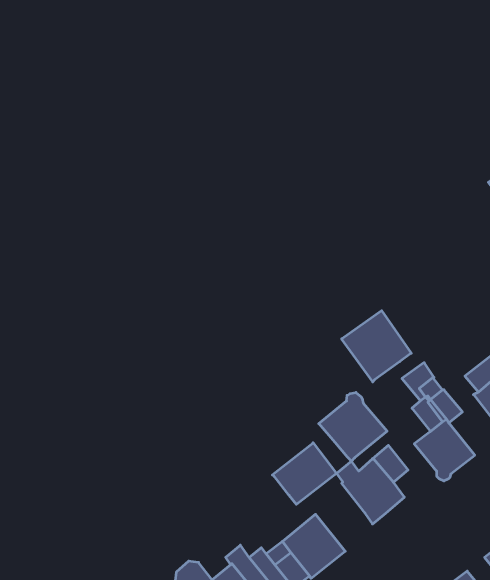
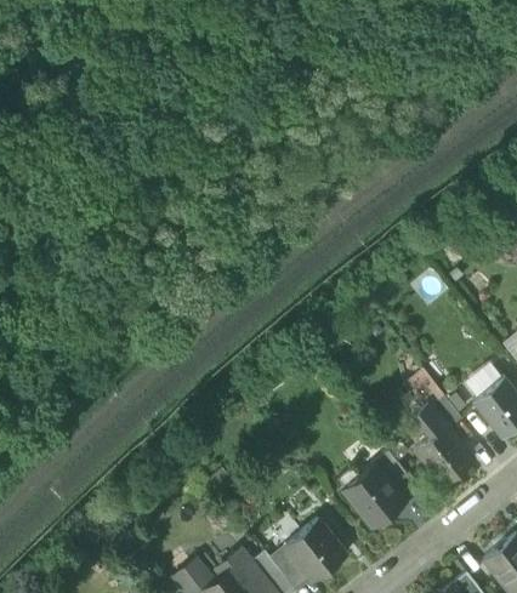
building: [342,311,411,382] -> none
building: [319,392,387,461] -> none
building: [272,443,337,504] -> none

